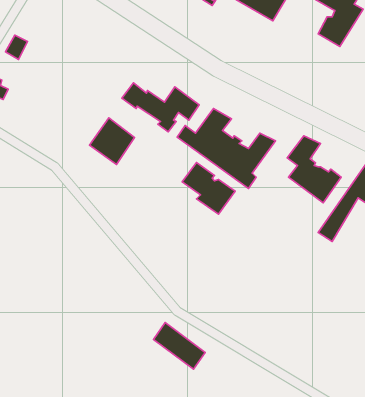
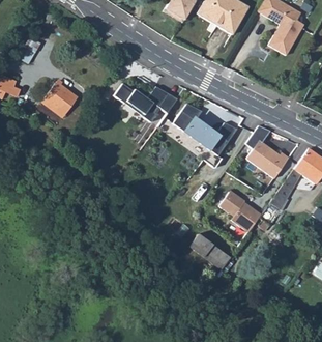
building: [89,118,135,164] -> [39,80,76,117]
building: [182,163,235,214] -> [218,191,261,232]
building: [154,323,205,369] -> [188,233,230,270]

